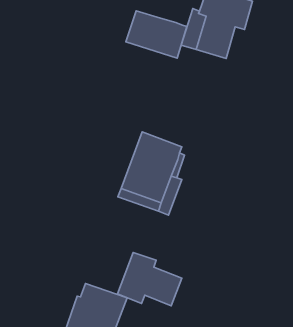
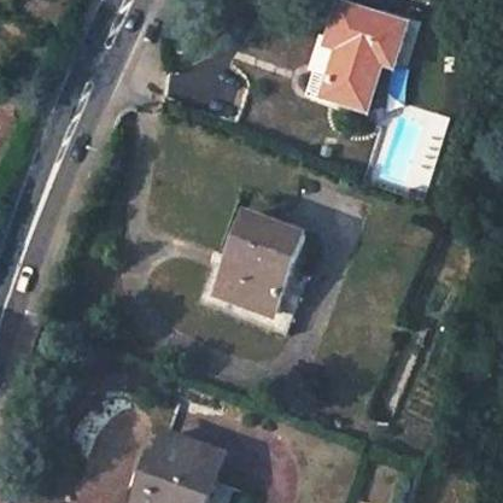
building: [126,11,187,58] -> none
building: [118,252,182,306] -> none

